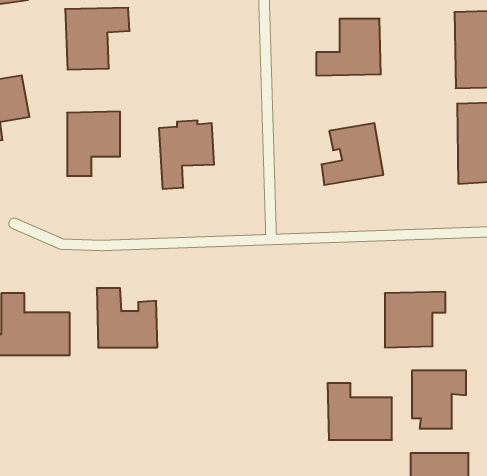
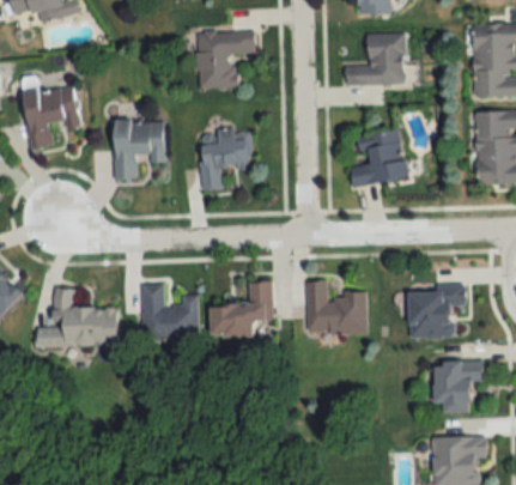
building: [65,8,130,70] -> [195,30,255,87]
building: none -> [210,281,272,337]
building: [327,383,392,440] -> [305,280,365,333]

